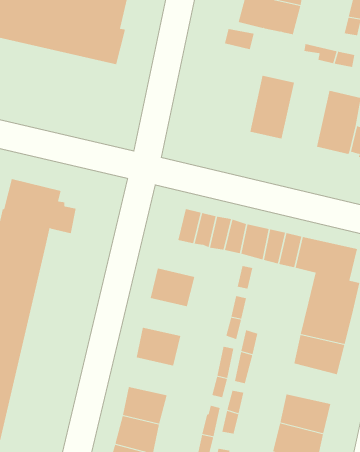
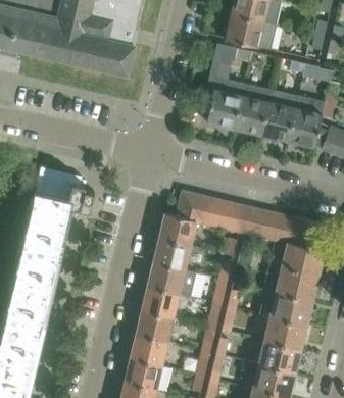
building: none -> [205,61,244,129]
building: none -> [260,89,298,141]
building: none -> [159,213,196,246]
building: none -> [147,263,184,294]
building: none -> [136,311,173,342]
building: none -> [263,316,305,349]

